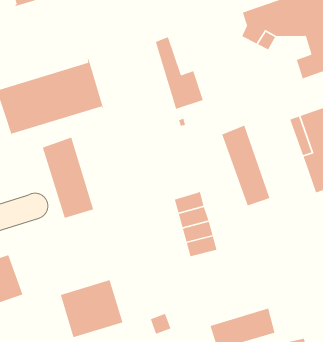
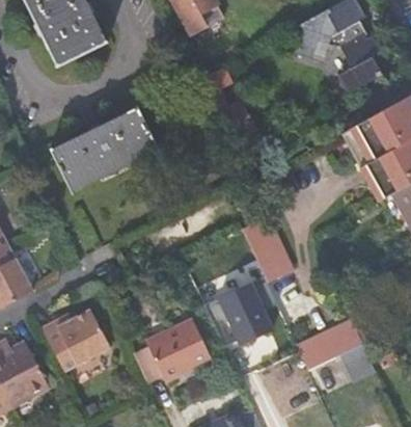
building: [221,124,271,207] -> none
building: [42,136,94,219] -> none
building: none -> [219,277,278,342]

